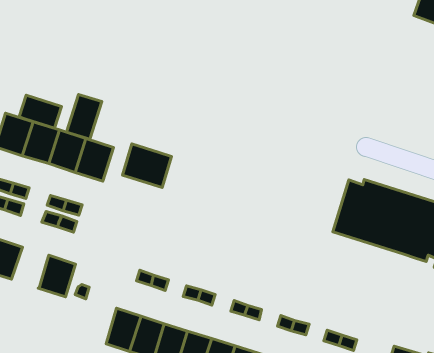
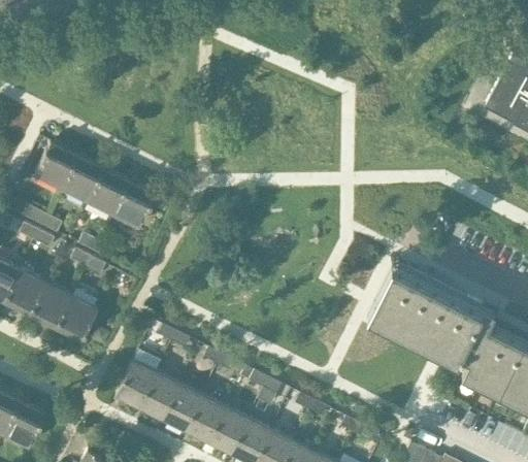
building: [67,94,102,139] -> none
building: [19,95,61,128] -> none
building: [123,144,171,188] -> none
building: none -> [29,284,71,328]

